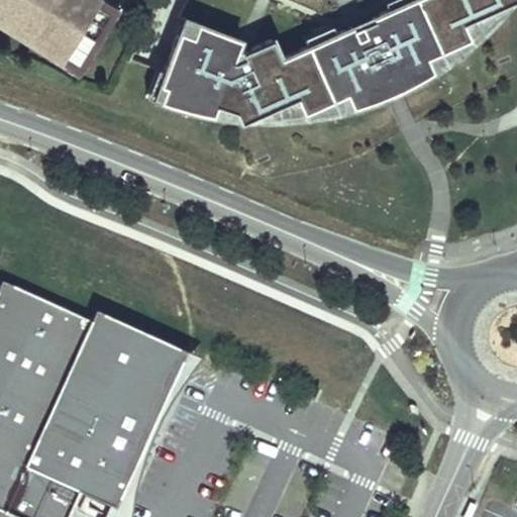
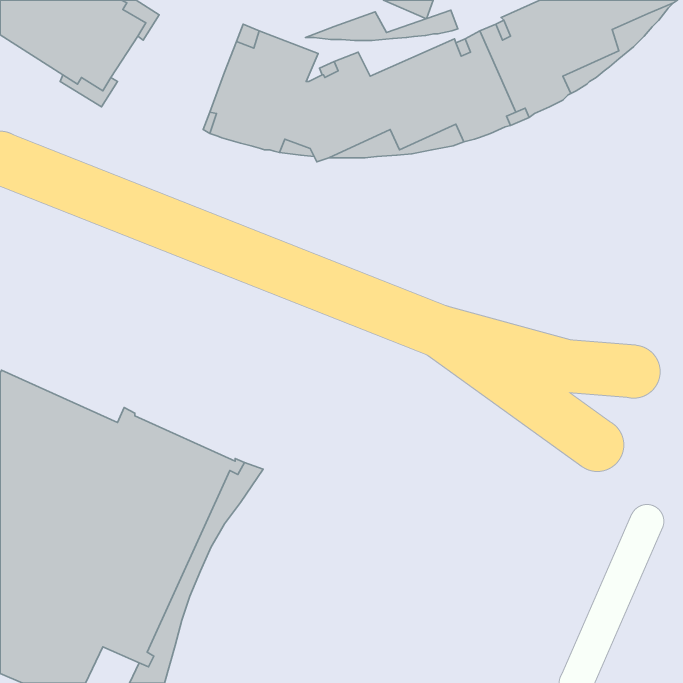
building: none -> [306,10,458,40]

